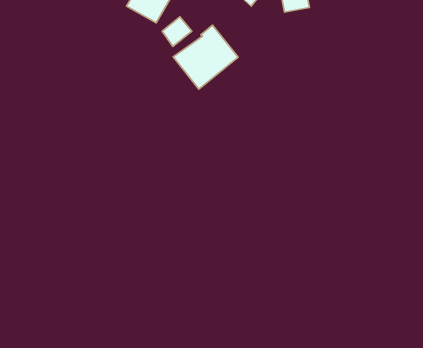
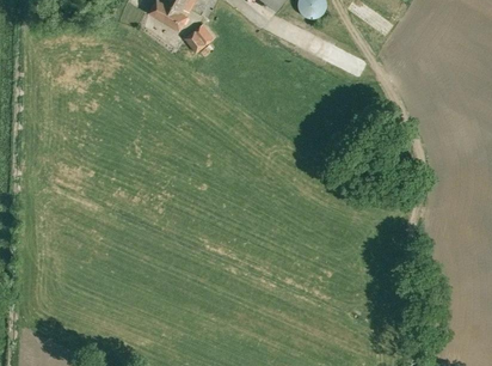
building: [173,25,238,89] -> none

